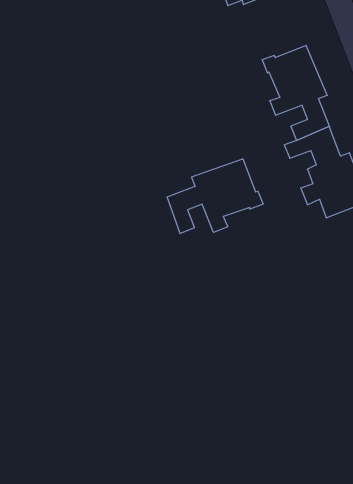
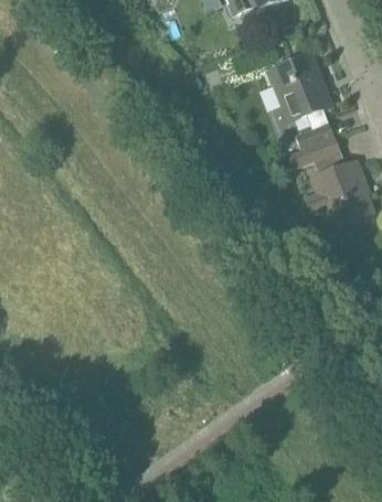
building: [167,159,263,234] -> none

